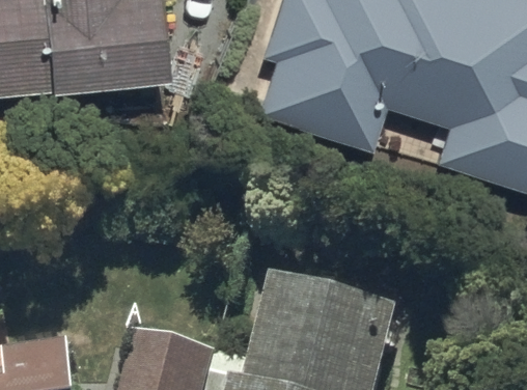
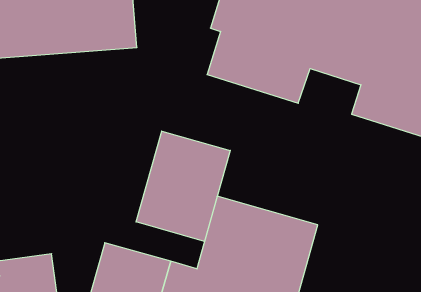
building: none -> [136,131,230,241]

